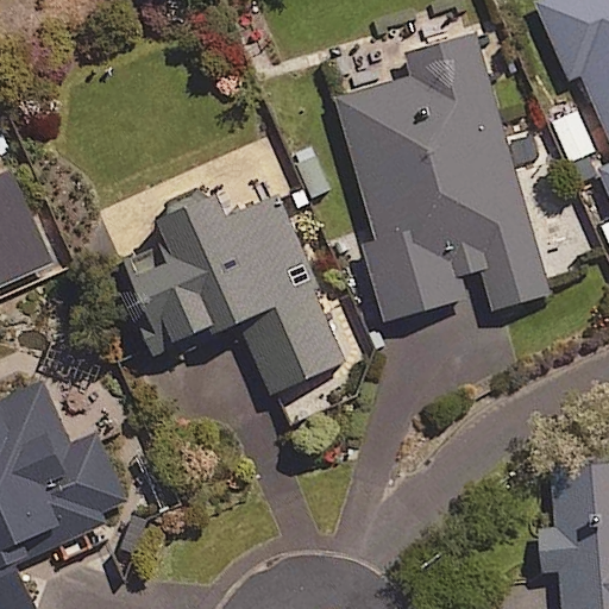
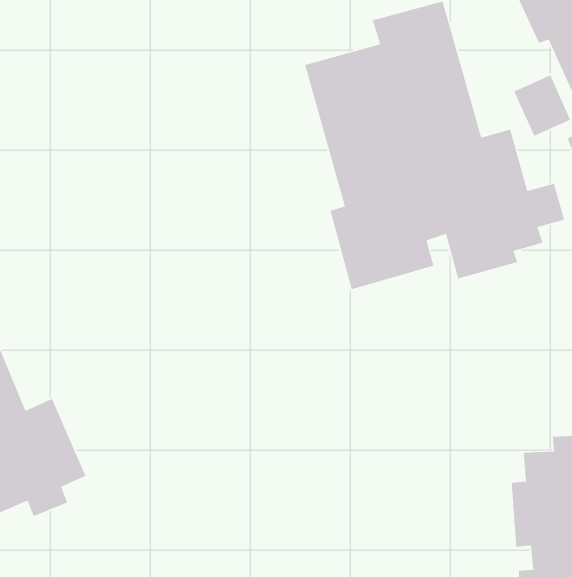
building: [115,196,345,391] -> none

